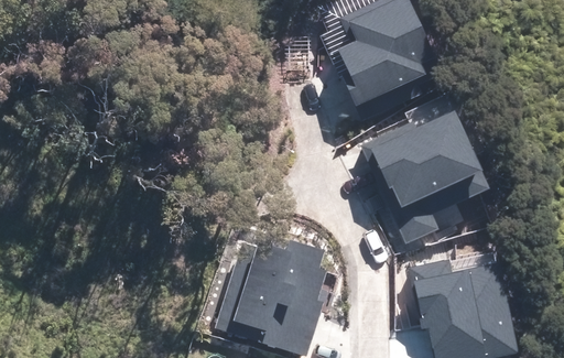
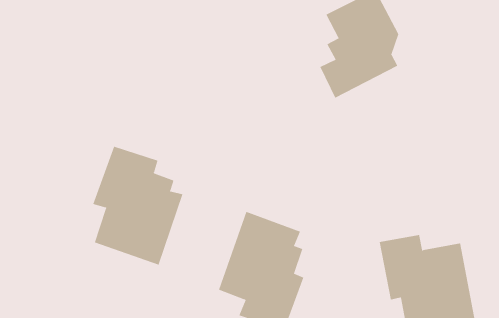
building: [357,115,485,249] -> none
building: none -> [93,146,183,265]

